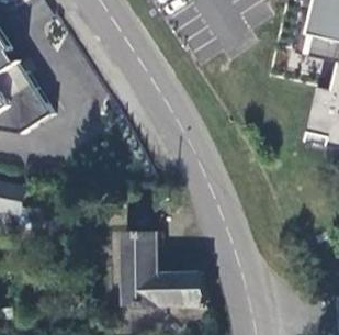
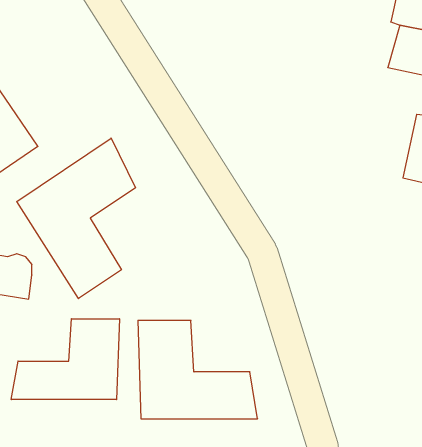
building: none -> [17,138,136,299]
building: none -> [11,319,119,400]

